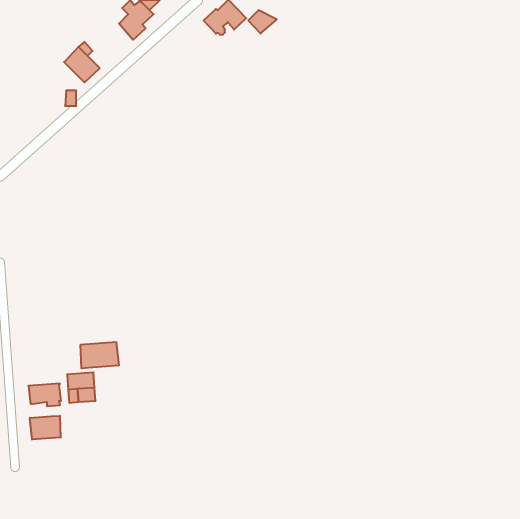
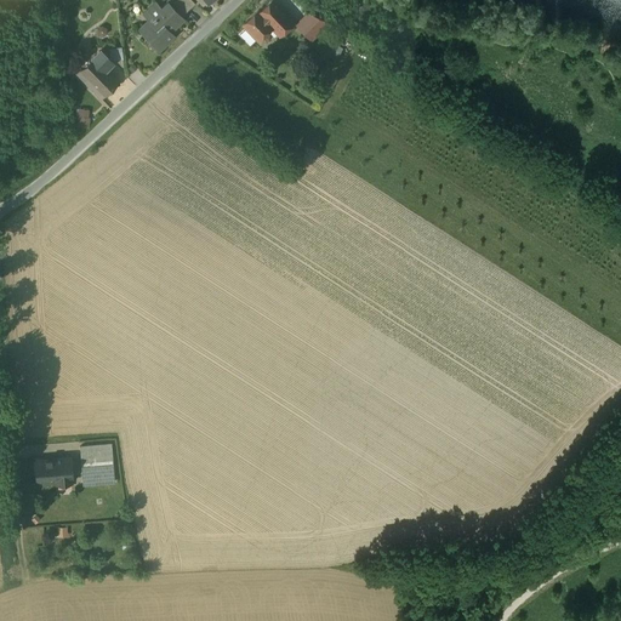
building: [81,342,119,368] -> none
building: [30,416,61,440] -> none

